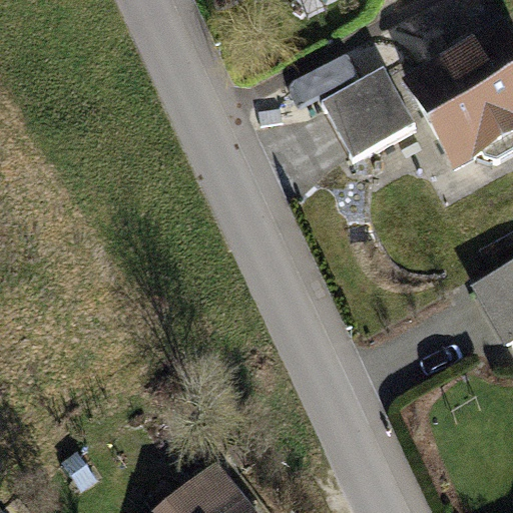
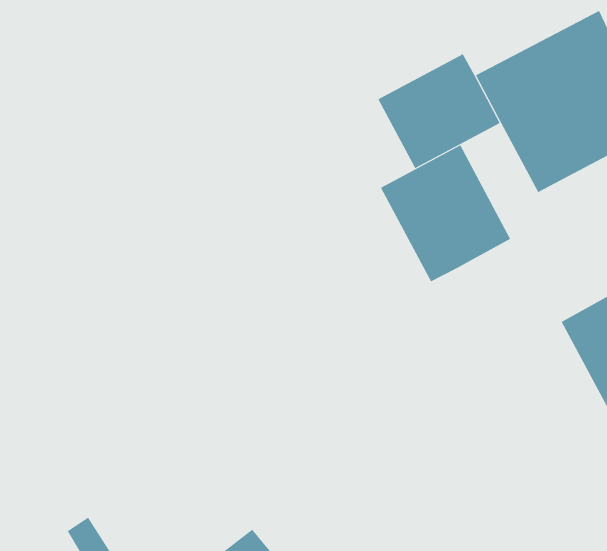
building: none -> [380,145,511,282]

